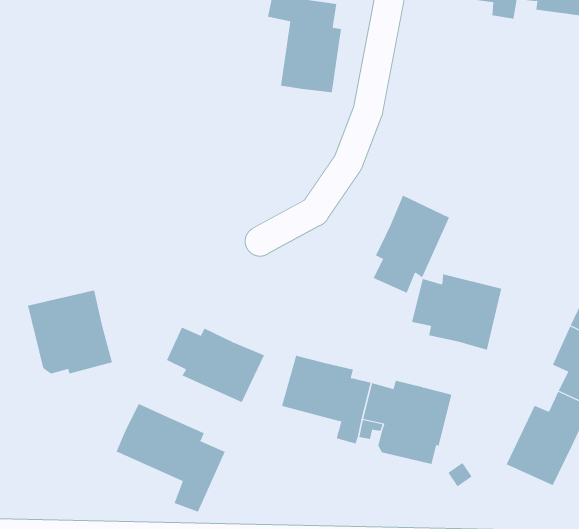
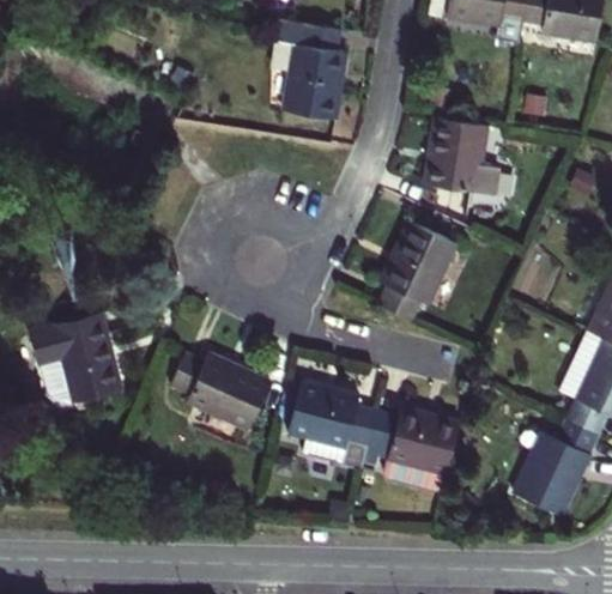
building: none -> [425,116,499,195]
building: [411,273,502,351] -> none
building: [116,403,226,513] -> none

